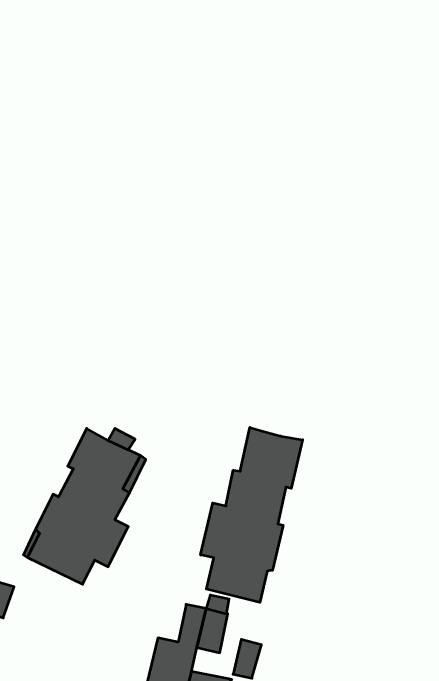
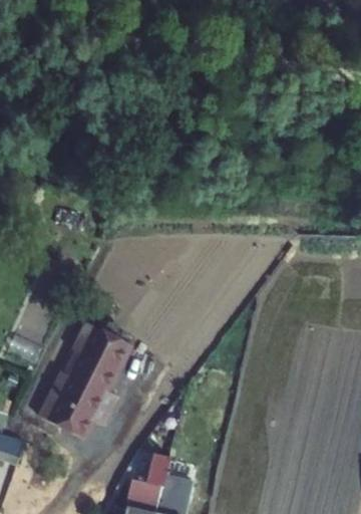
building: [201,427,303,602] -> none

